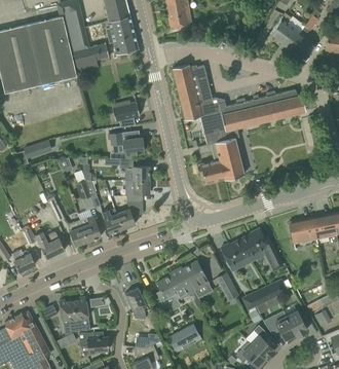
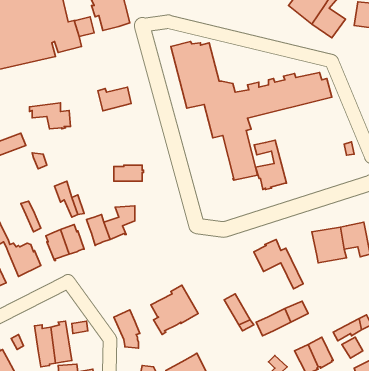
building: [110,132,144,153] -> [30,103,70,129]
building: [198,142,225,183] -> [254,140,286,190]
building: [125,180,150,201] -> none
building: [221,238,252,264] -> none
building: [183,260,210,290] -> none

